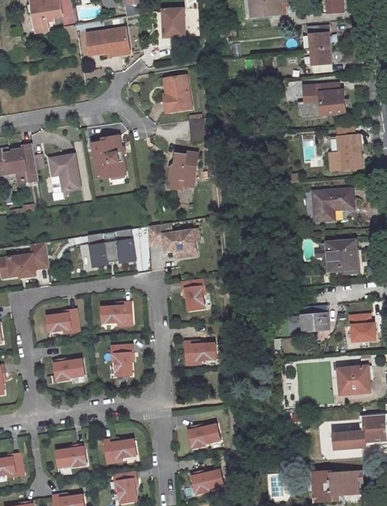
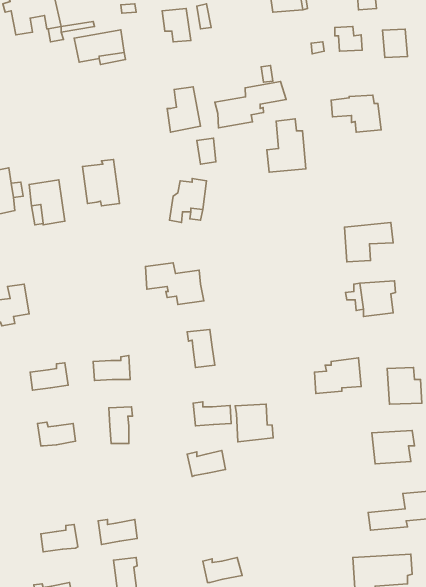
building: [309,45,330,69] -> [382,29,407,58]
building: none -> [215,81,286,128]
building: [327,123,360,168] -> [267,119,306,172]
building: [88,228,137,269] -> none
building: none -> [235,404,273,442]
building: [191,425,223,447] -> [187,450,225,477]

